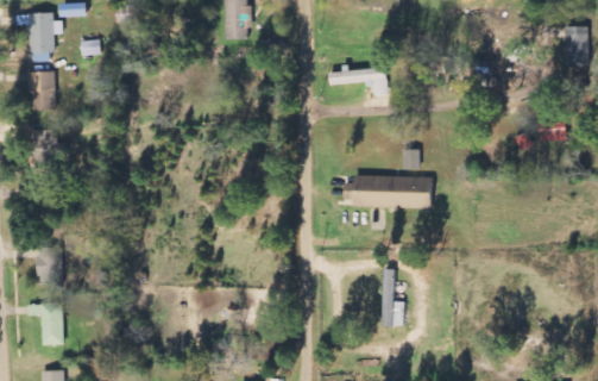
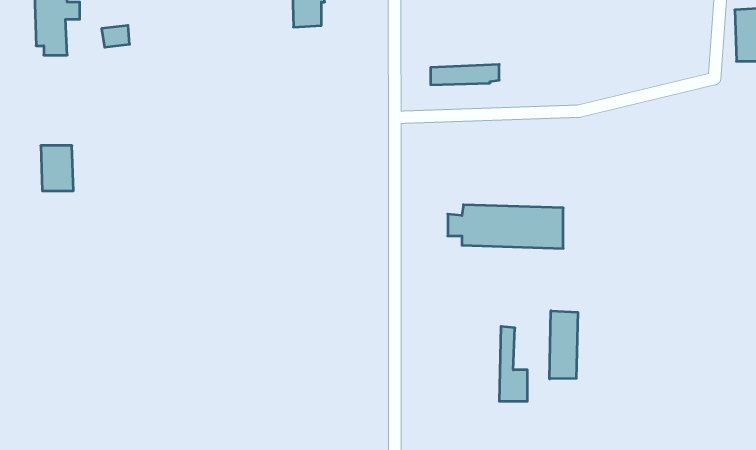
building: [30,70,56,110] -> none
building: [38,246,59,285] -> none
building: none -> [550,311,578,379]
building: [27,302,64,345] -> none

